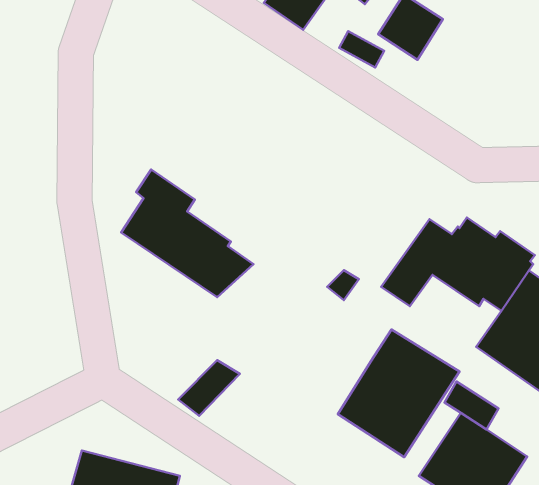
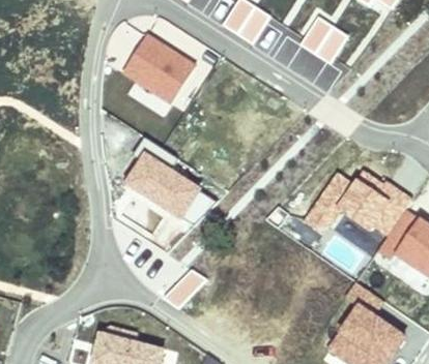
building: none -> [123,33,194,101]
building: [338,329,460,457] -> none

